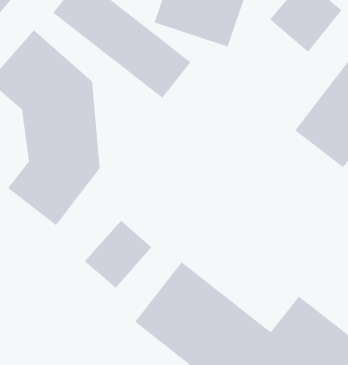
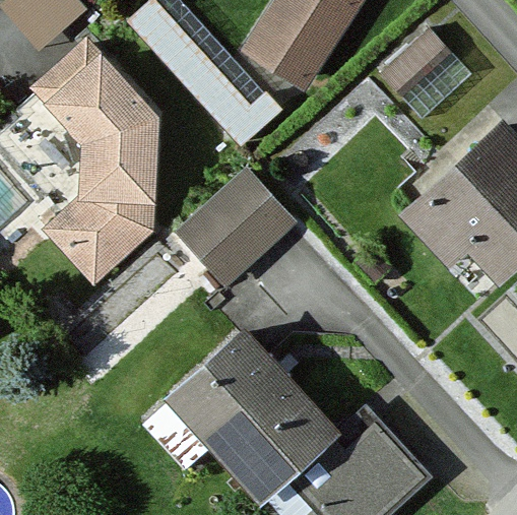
building: none -> [173,165,294,282]
building: [84,220,152,289] -> none

